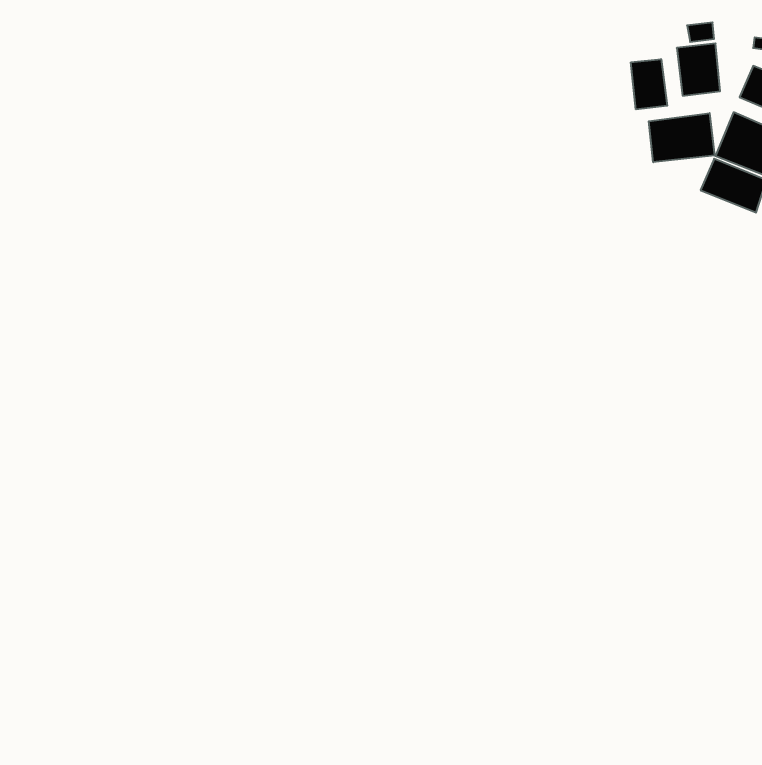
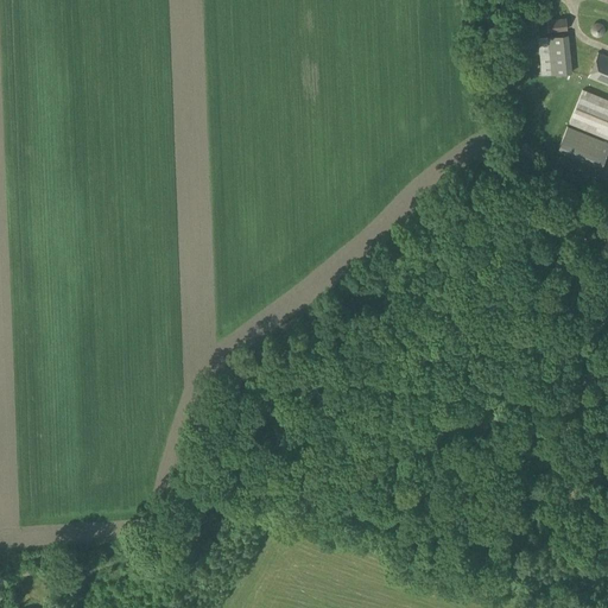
building: [631,59,667,109] -> none
building: [649,113,715,162] -> none

